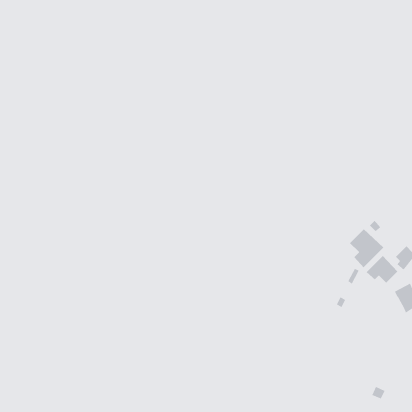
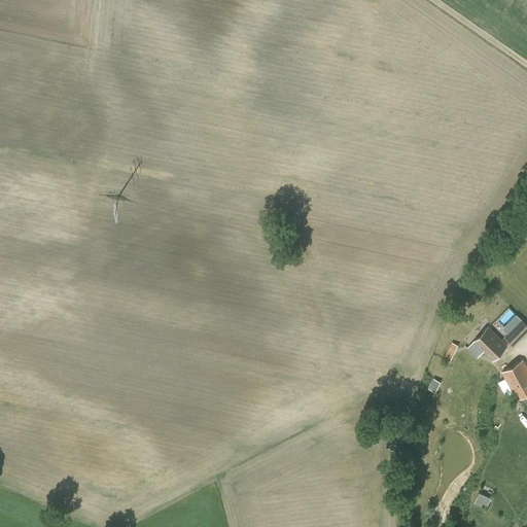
building: [349,228,384,268] -> none

